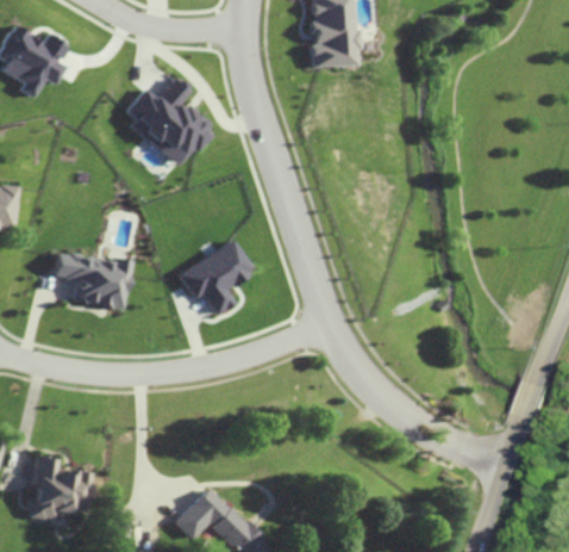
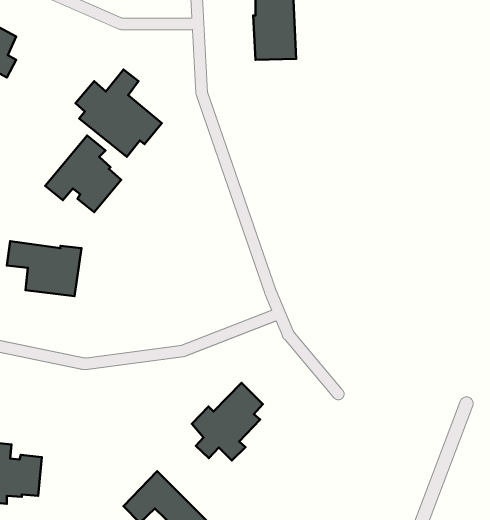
building: none -> [45,135,121,212]
building: [179,242,250,316] -> none
building: none -> [192,383,263,461]

